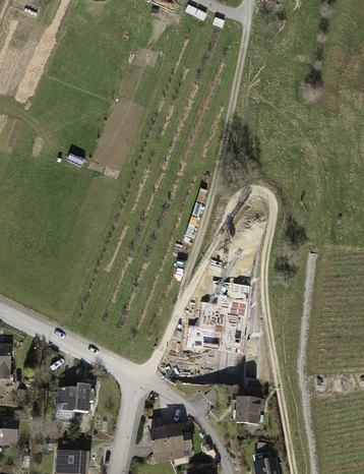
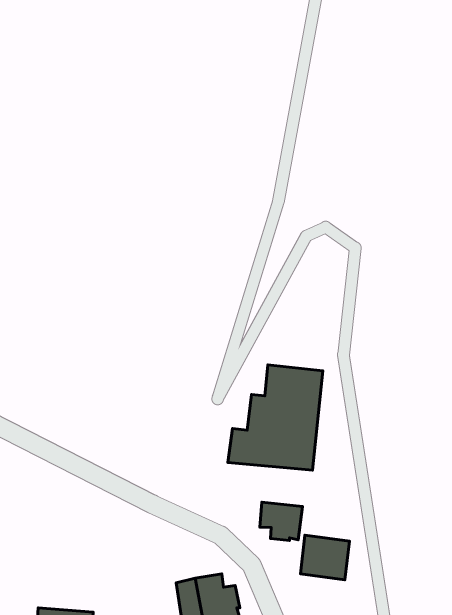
building: none -> [260,502,302,541]
building: [54,386,92,417] -> none

